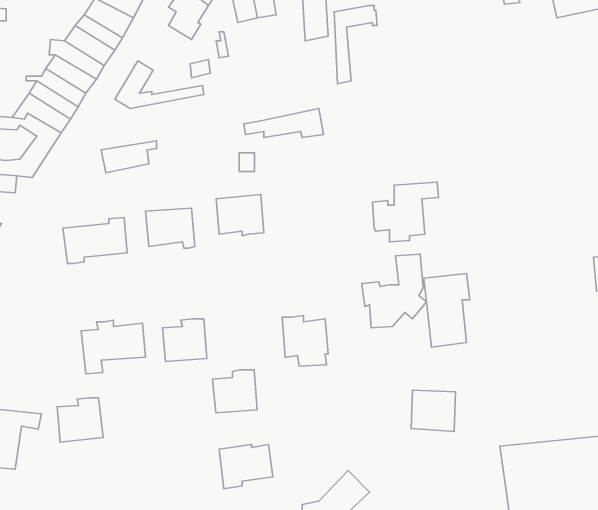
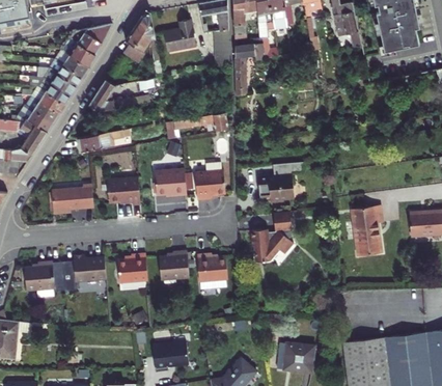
building: none -> [193,170,224,201]
building: [424,274,470,347] -> [355,202,386,252]
building: [213,370,257,413] -> [159,250,189,279]
building: [411,390,456,432] -> [285,342,315,370]
building: [57,398,103,442] -> [23,263,54,293]

